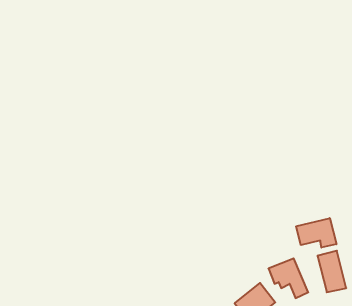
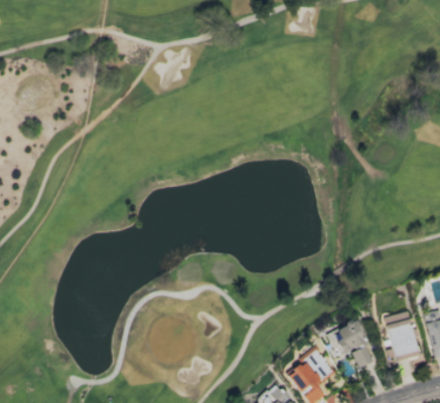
building: [296,218,336,248] -> none

